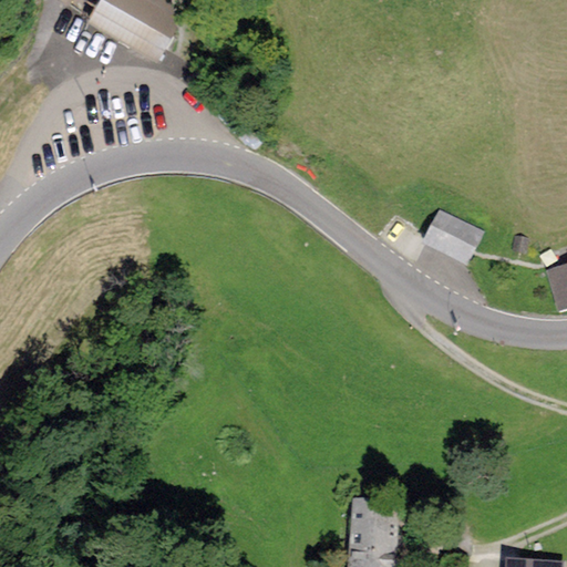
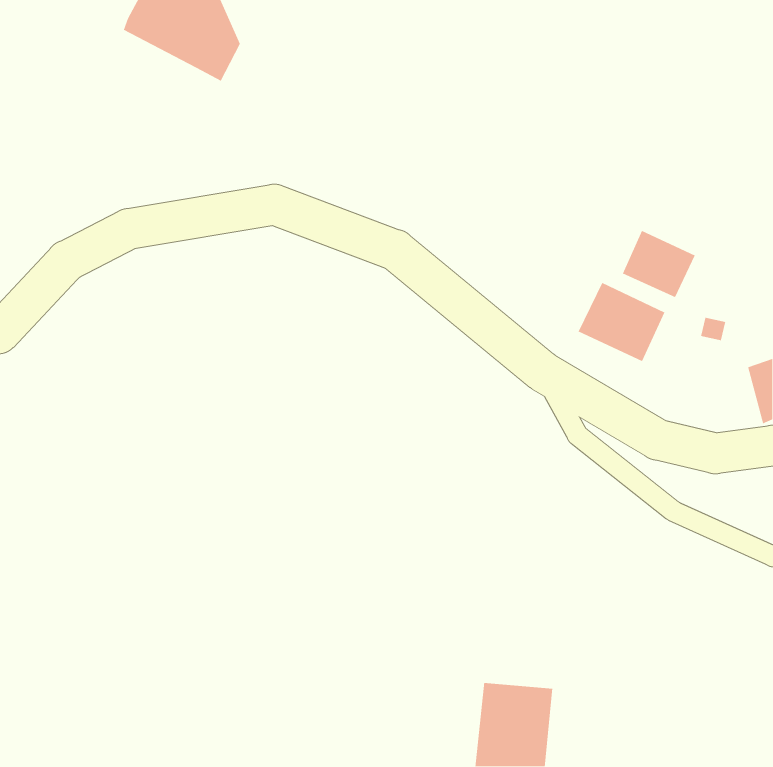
building: none -> [622,230,696,298]

